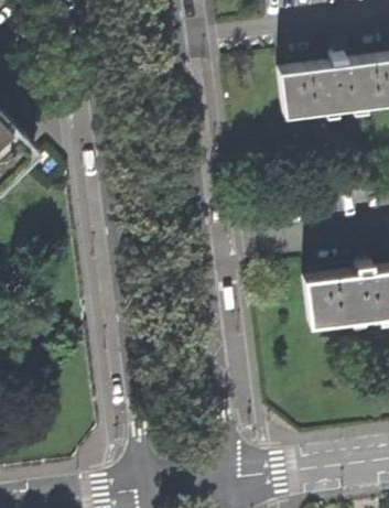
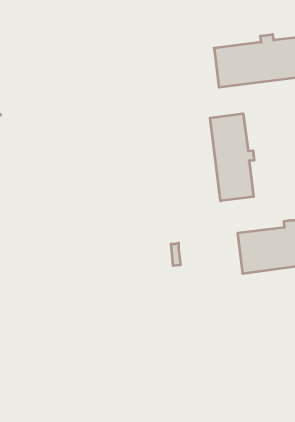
building: none -> [210,114,254,201]

